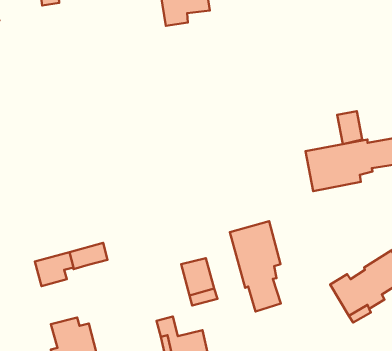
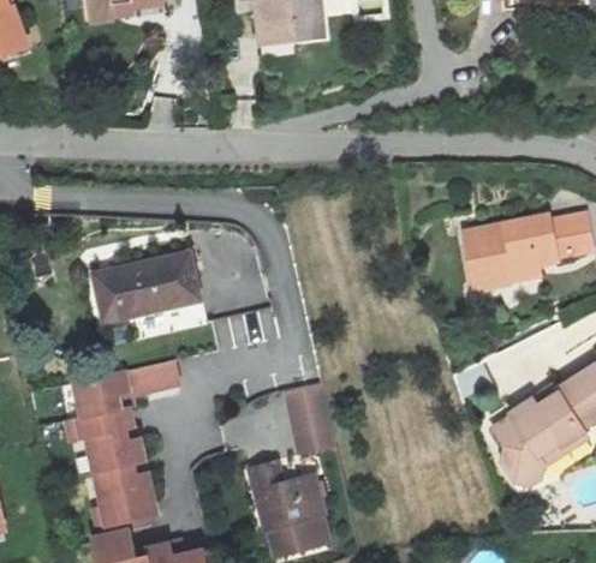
building: [337,111,362,144] -> none
building: none -> [90,253,201,327]
building: [230,221,281,311] -> none
building: none -> [70,409,150,475]

